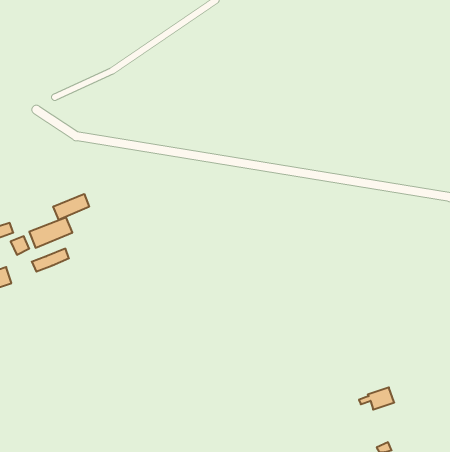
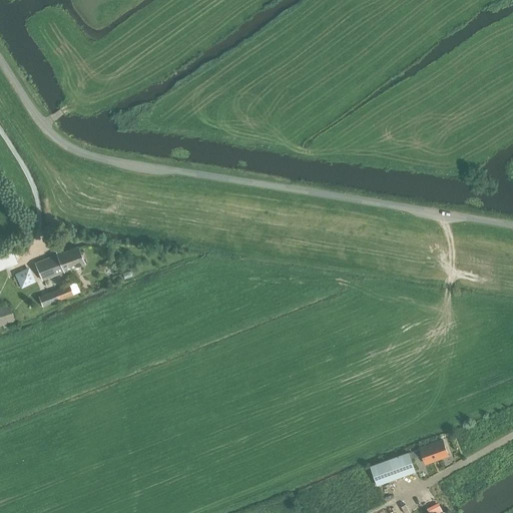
building: [53,194,89,220] -> none
building: none -> [369,452,414,485]

